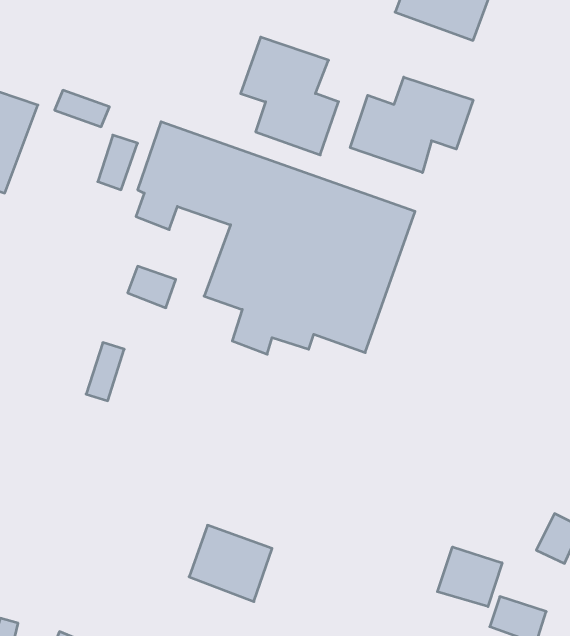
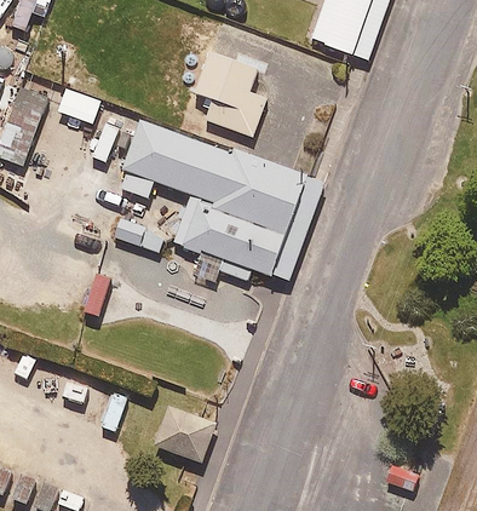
building: [350,77,473,173] -> none
building: [437,547,502,607] -> none

